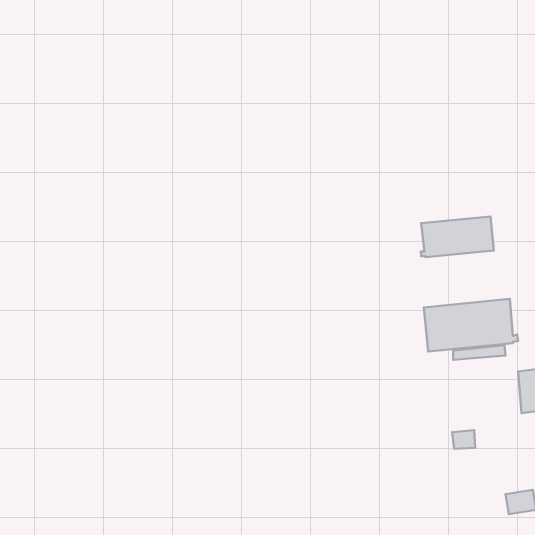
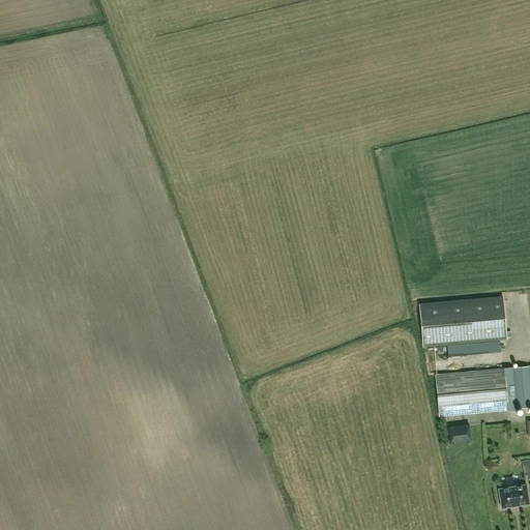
building: [421,216,494,257] -> none
building: none -> [436,367,508,415]

